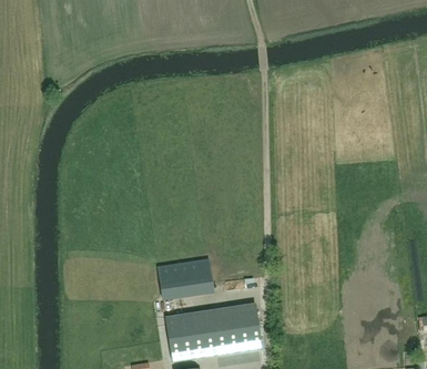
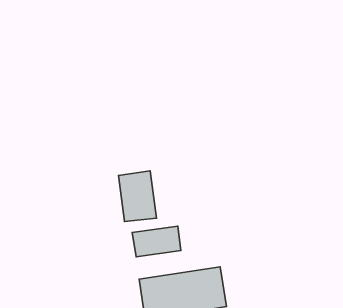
building: none -> [119,171,156,221]

